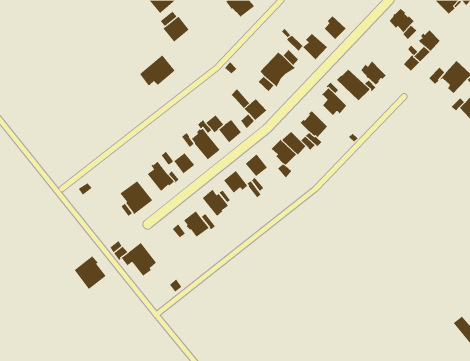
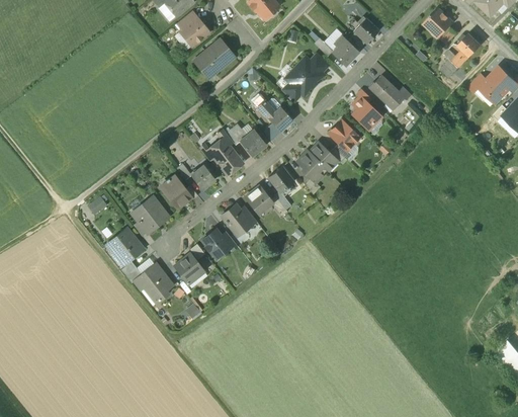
building: [139,55,175,86] -> [195,39,235,74]
building: [359,58,387,85] -> none
building: none -> [175,253,204,283]
building: [74,255,106,290] -> [107,228,143,265]

